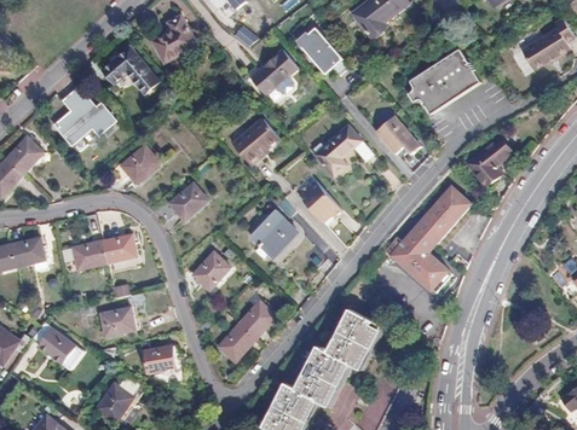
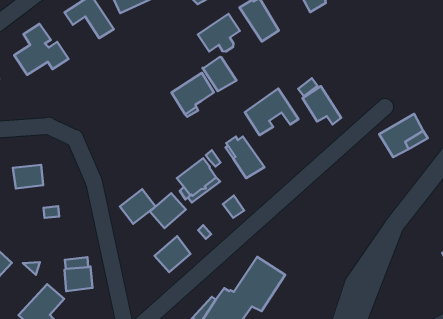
building: [409,51,480,115] -> none
building: none -> [203,57,237,91]
building: [120,145,158,182] -> none
building: [169,184,207,221] -> none
building: [387,186,469,290] -> none
building: [102,234,137,262] -> none
building: [98,306,133,335] -> none
building: [217,322,255,361] -> [150,193,186,228]

